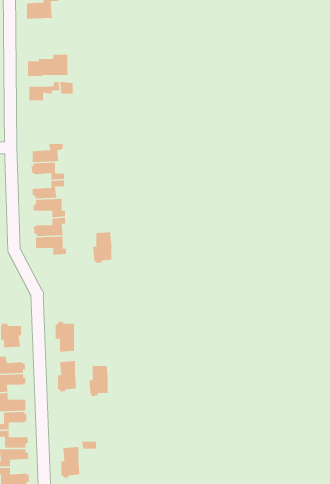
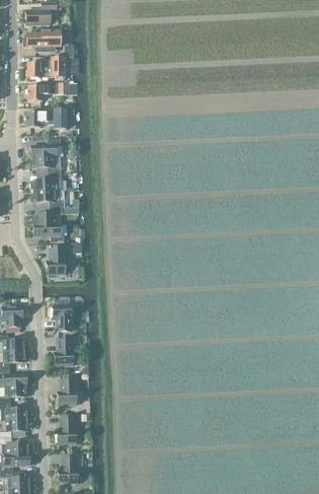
building: none -> [26,28,61,51]
building: none -> [26,108,67,128]
building: [92,232,112,264] -> [47,246,65,276]
building: [89,365,108,397] -> [58,377,76,407]

